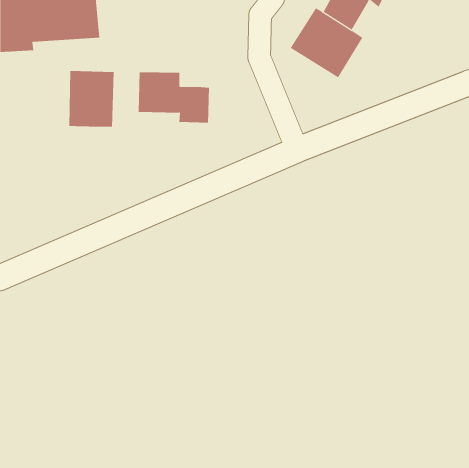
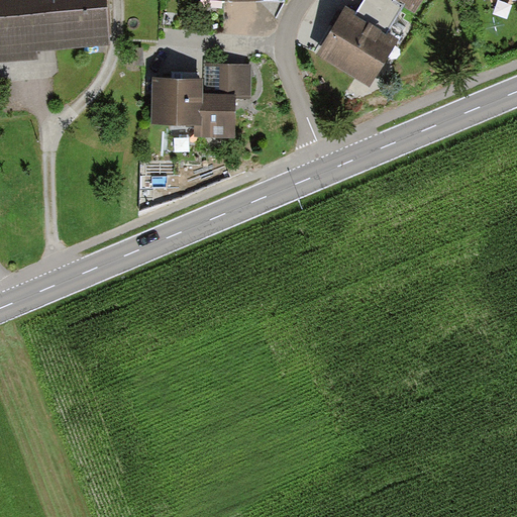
building: none -> [216,65,245,96]
building: [69,70,114,128] -> none

